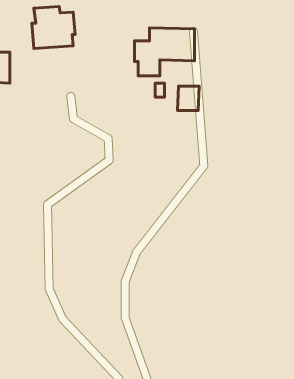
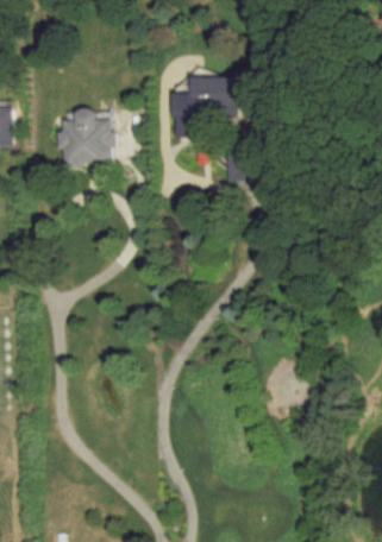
building: [32,6,75,49] -> [58,111,113,164]

